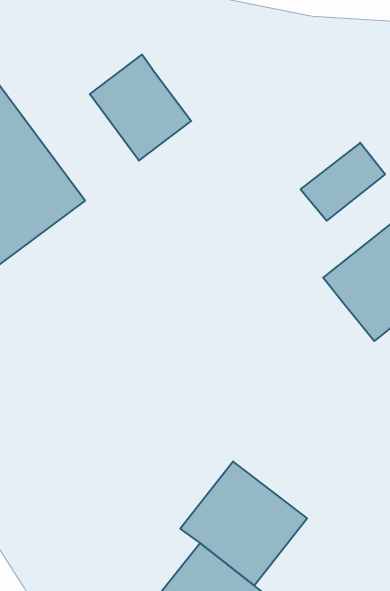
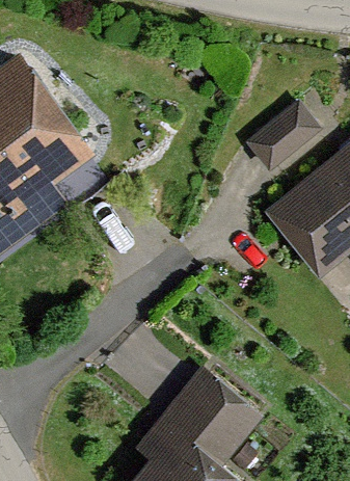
building: [90,55,191,161] -> none

